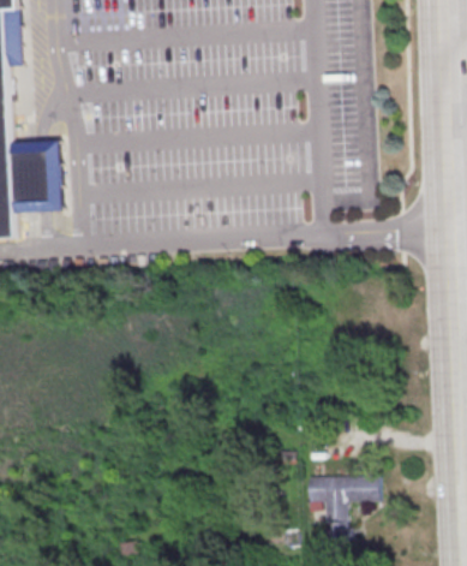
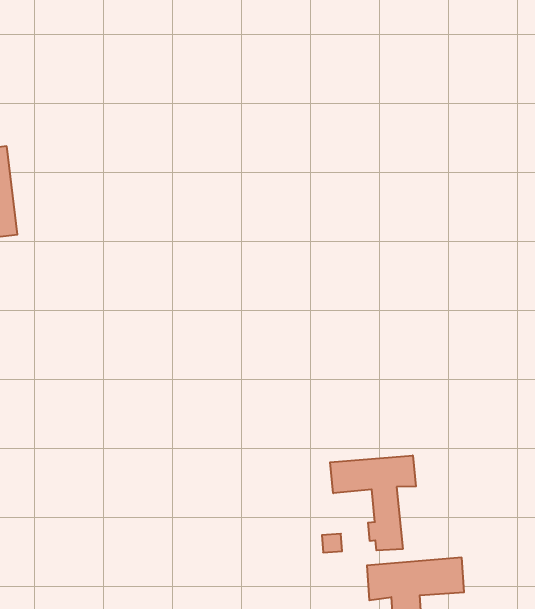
building: none -> [330,455,416,550]

